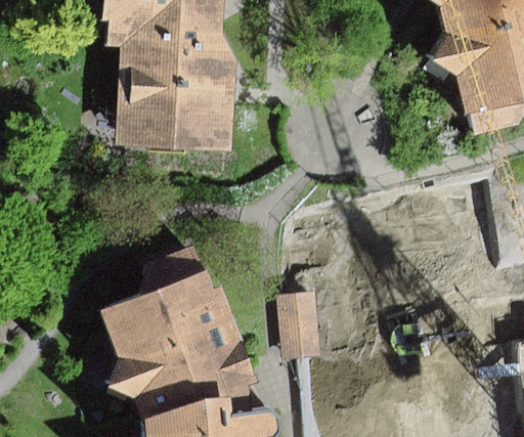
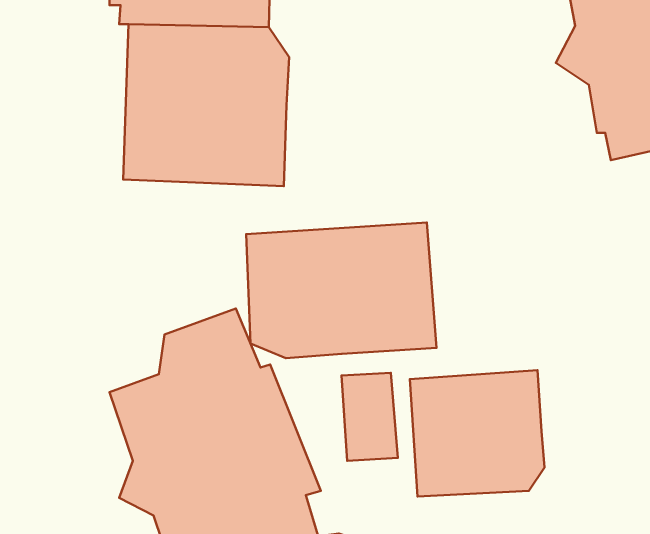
building: none -> [246,222,436,358]
building: none -> [410,370,545,496]

